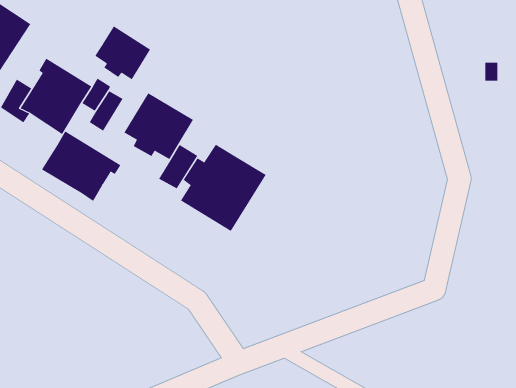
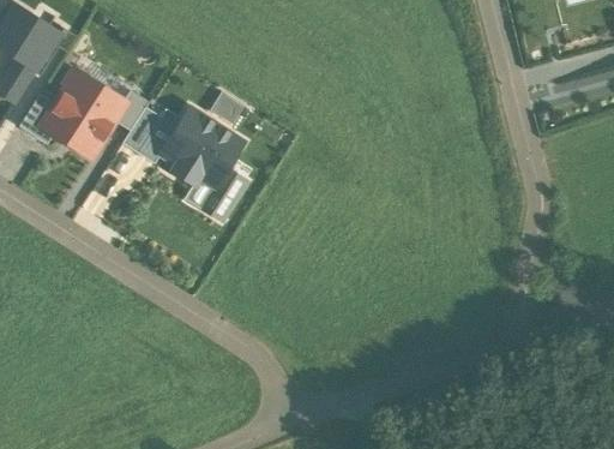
building: [95,26,151,80] -> none
building: [41,131,121,202] -> none
building: [180,144,266,232] -> none

